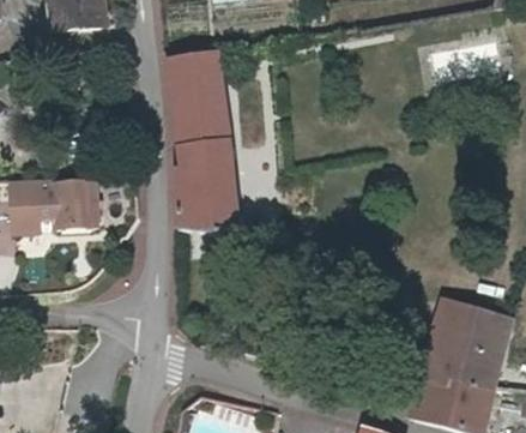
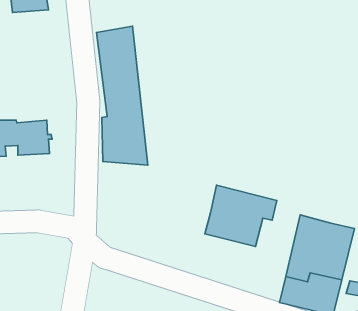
building: none -> [205,185,277,246]

